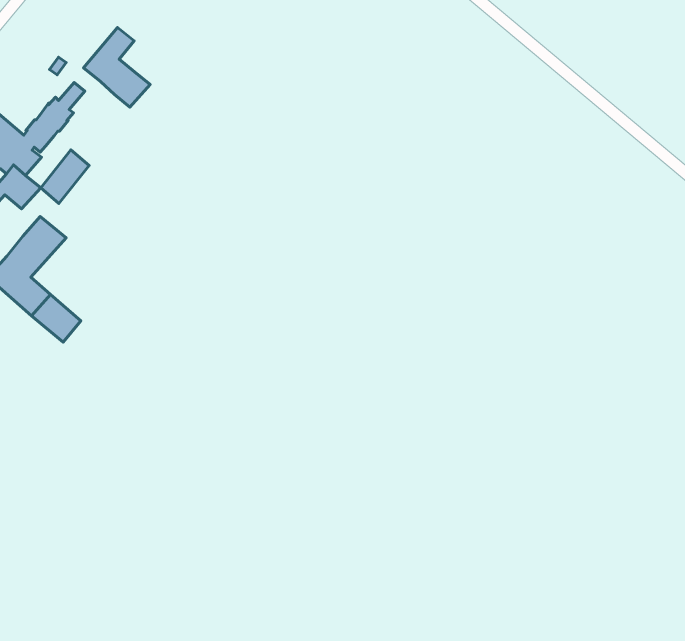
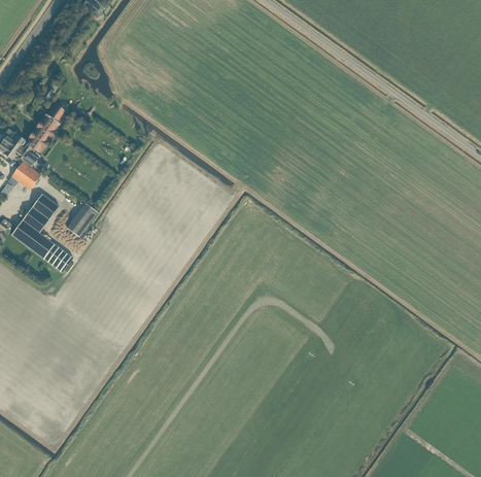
building: [83,27,150,107] -> none
building: [41,150,89,204] -> [68,201,98,236]

